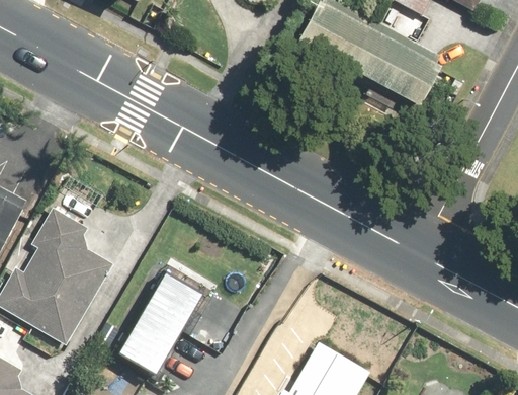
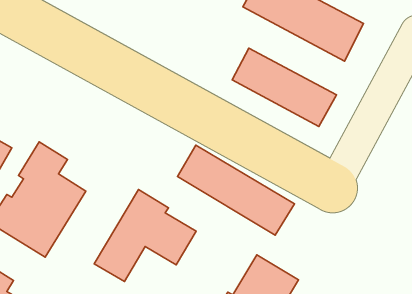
building: none -> [232,48,336,126]
building: none -> [177,145,295,235]

